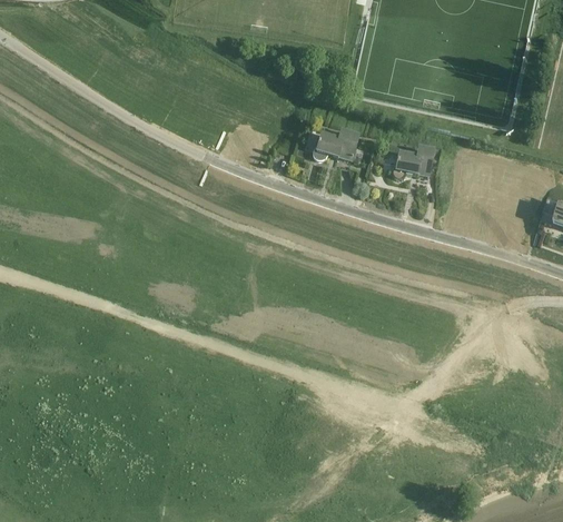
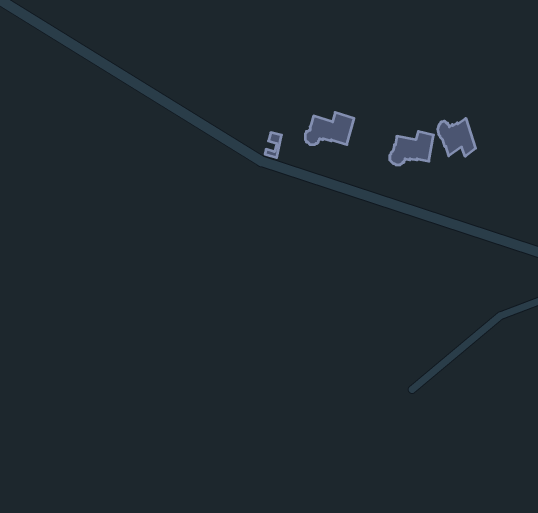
building: none -> [438,118,476,156]

